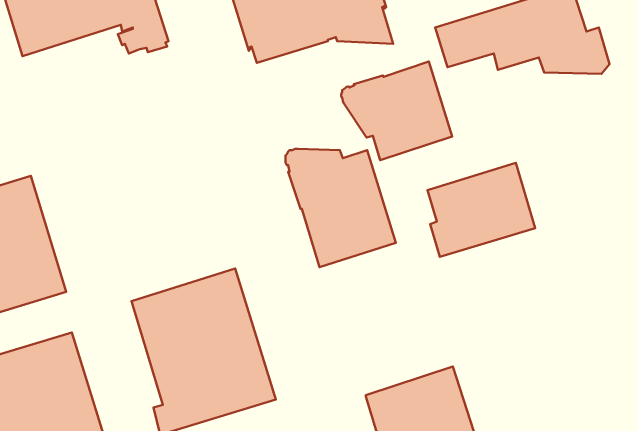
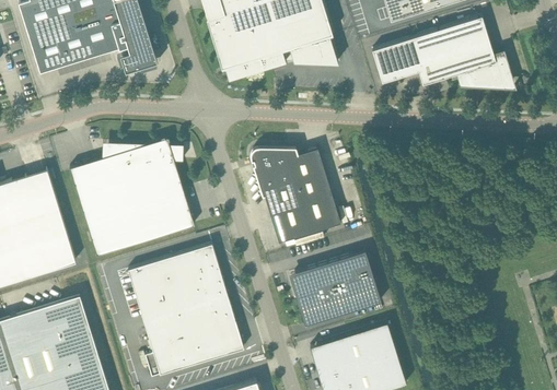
building: [341,62,452,160] -> none
building: none -> [69,144,194,257]
building: [427,163,535,257] -> [294,251,381,327]

